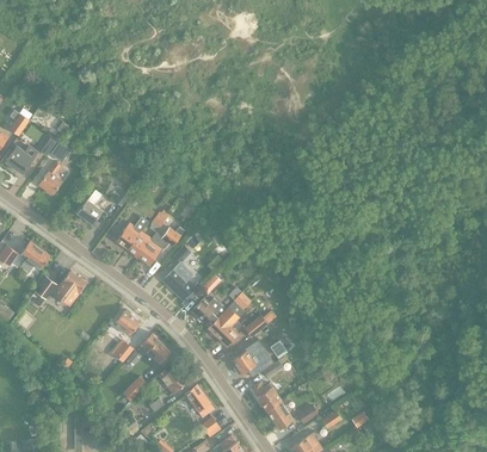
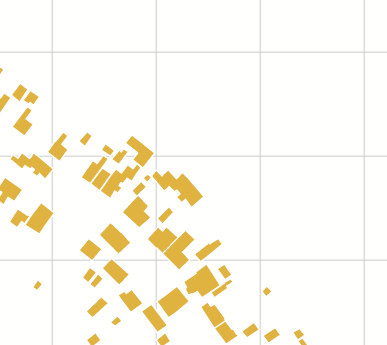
building: none -> [125,135,155,168]
building: none -> [10,152,53,179]
building: none -> [151,170,204,207]
building: none -> [99,223,131,254]
building: none -> [157,286,189,318]

